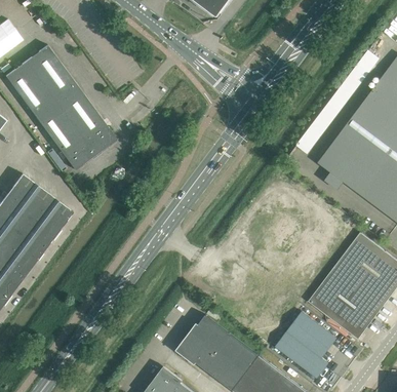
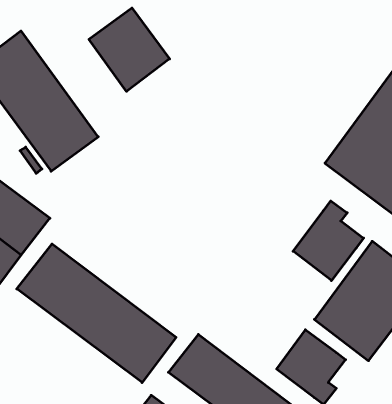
building: none -> [89,8,170,91]
building: none -> [293,201,364,281]
building: none -> [17,244,176,383]

